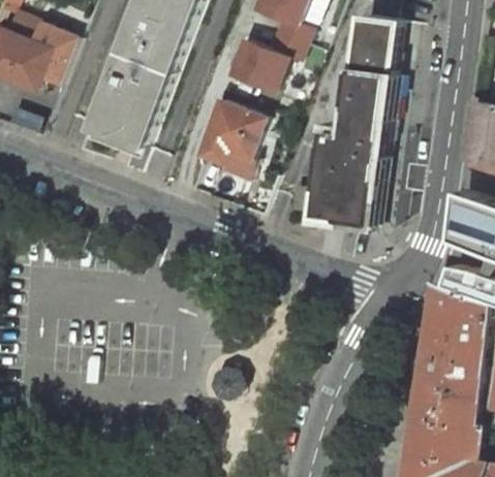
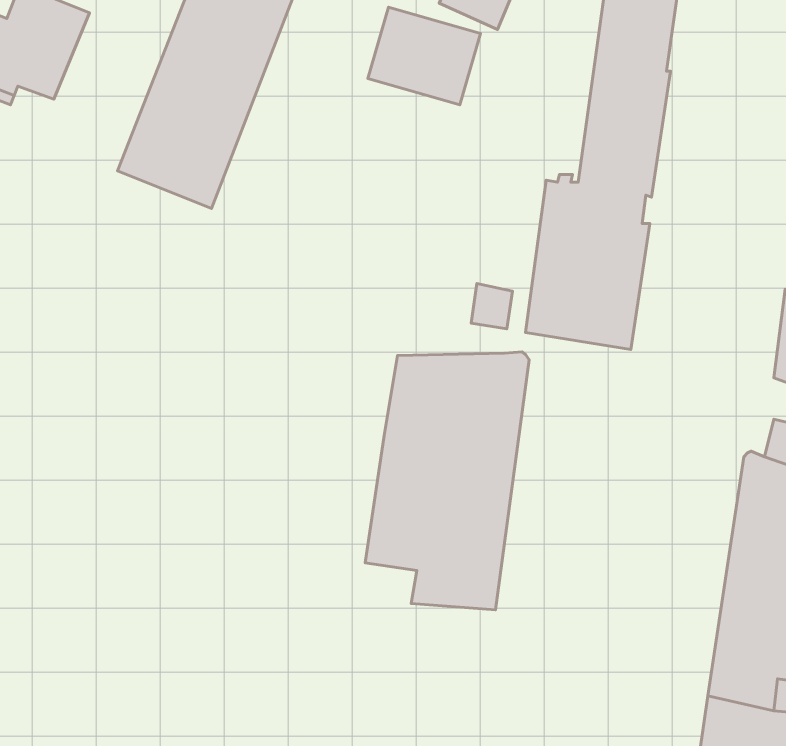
building: [194,103,259,169] -> none
building: none -> [365,352,529,610]

